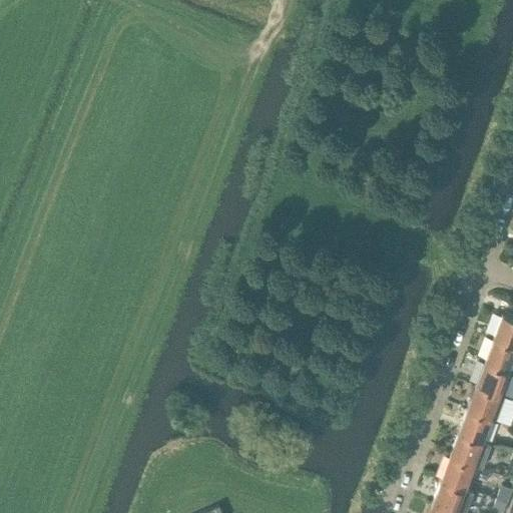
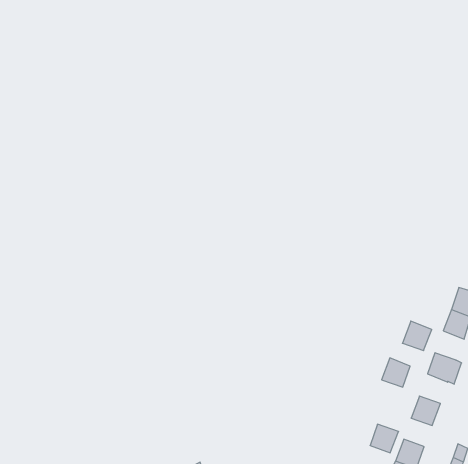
building: [476,367,508,399] -> [402,321,432,351]
building: [459,414,490,446] -> [382,358,410,387]
building: [442,462,473,493] -> [370,424,399,453]

